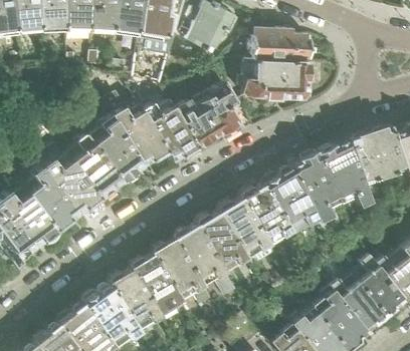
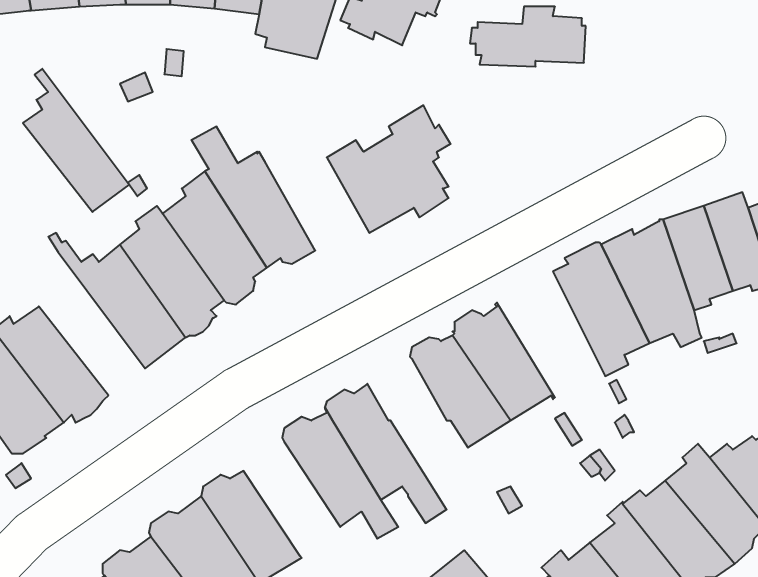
building: [241,57,314,98] -> none
building: [144,98,201,159] -> none
building: [26,155,81,230] -> [23,69,129,212]
building: [264,165,321,231] -> none
building: [197,211,249,270] -> none
building: [132,254,183,313] -> none

